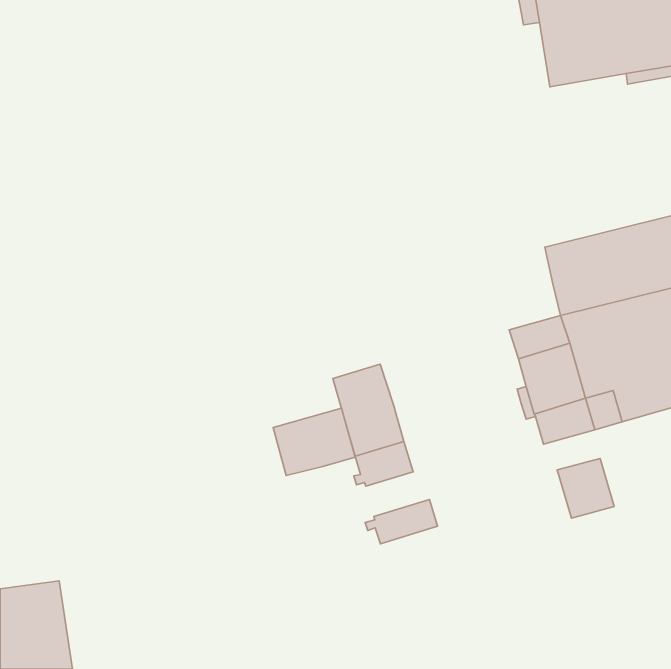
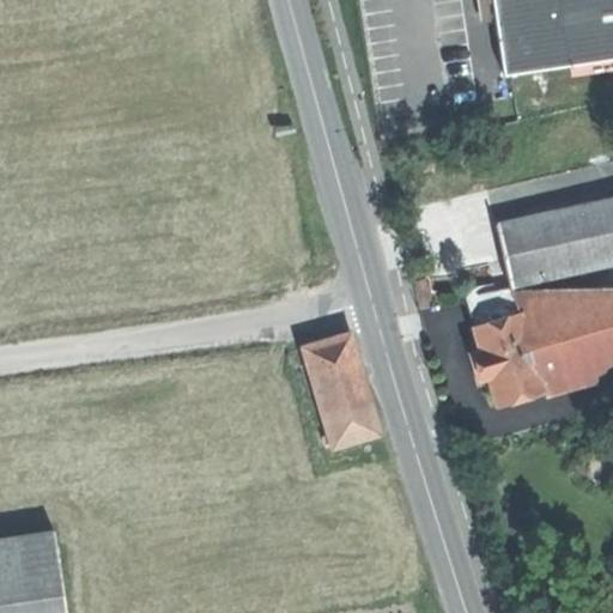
building: [273,408,355,476] -> none
building: [557,458,614,518] -> none
building: [365,500,438,544] -> none

